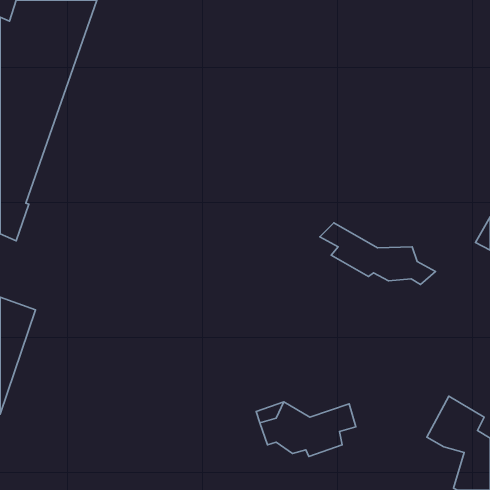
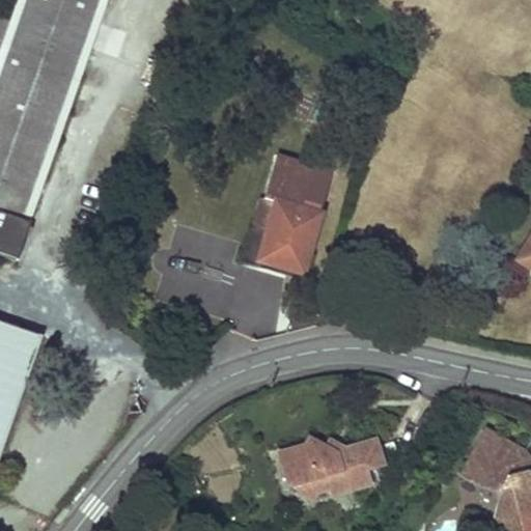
building: none -> [249,155,330,277]
building: [320,223,436,284] -> none

